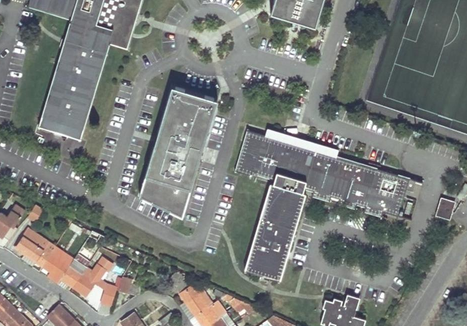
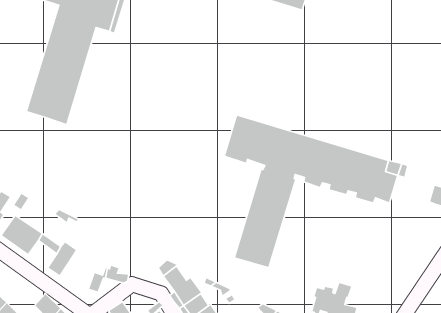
building: [139,86,217,210] -> none
building: [42,253,70,280] -> none
building: [73,255,112,296] -> none

